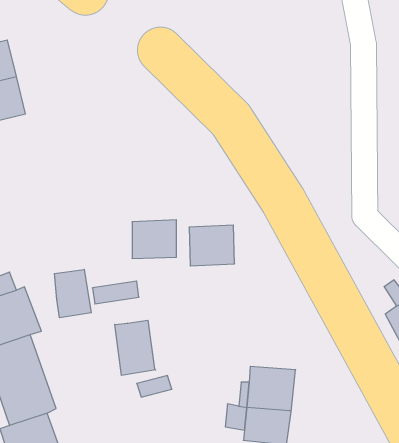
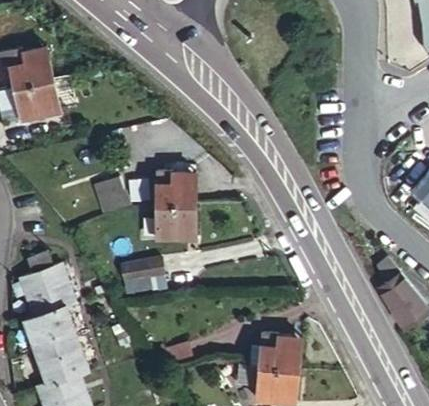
building: none -> [95,181,131,217]
building: [189,225,235,266] -> [155,171,195,207]
building: [54,269,91,318] -> none
building: [115,320,156,375] -> none

